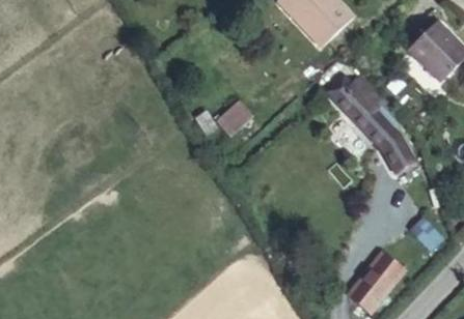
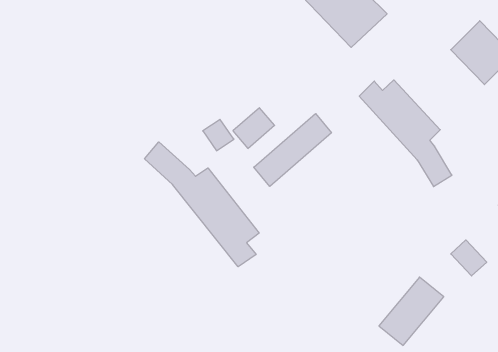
building: none -> [254,114,331,186]
building: none -> [145,142,259,267]

